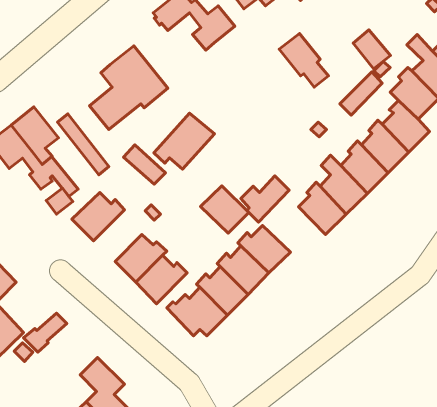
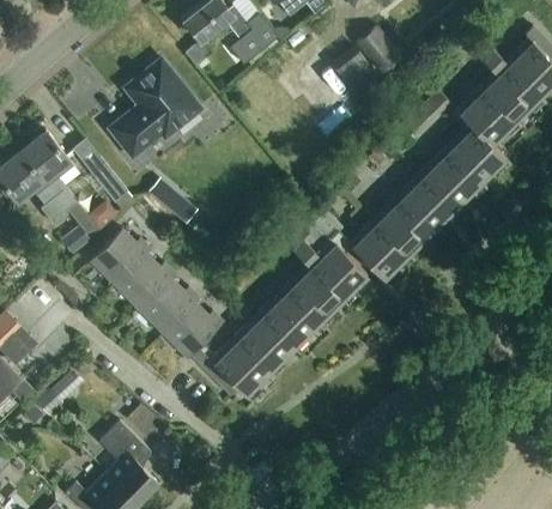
building: [353,30,390,69] -> [358,28,401,73]
building: [154,113,215,169] -> none
building: [200,186,249,233] -> [311,244,368,299]
building: none -> [115,254,176,310]

